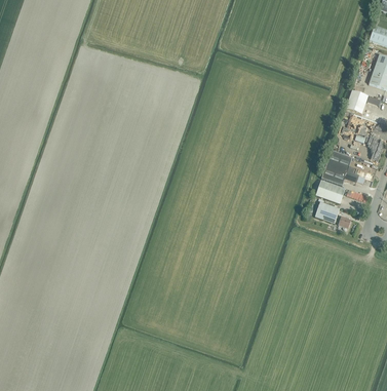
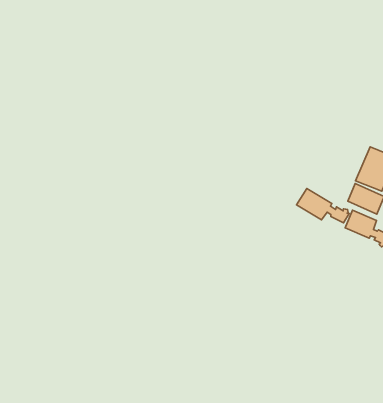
building: none -> [296,188,349,223]

